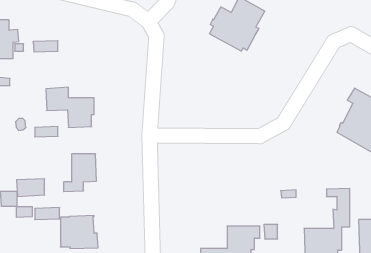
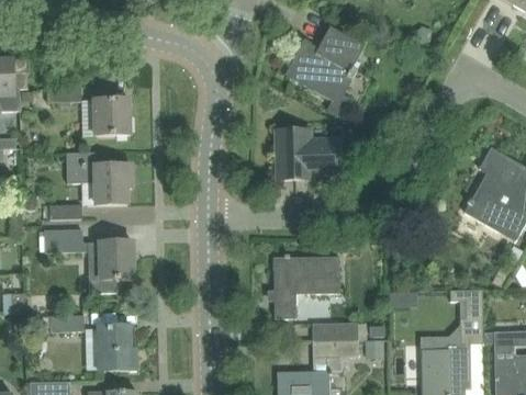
building: none -> [93,98,130,134]
building: none -> [276,129,343,178]
building: none -> [273,253,339,317]
building: [17,179,45,197] -> [43,227,81,251]
building: none -> [312,320,358,339]

